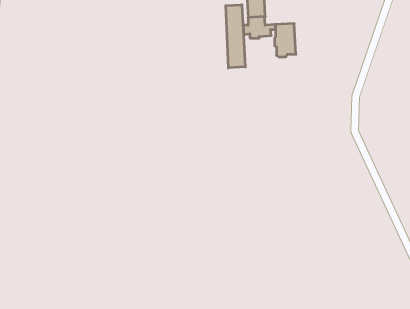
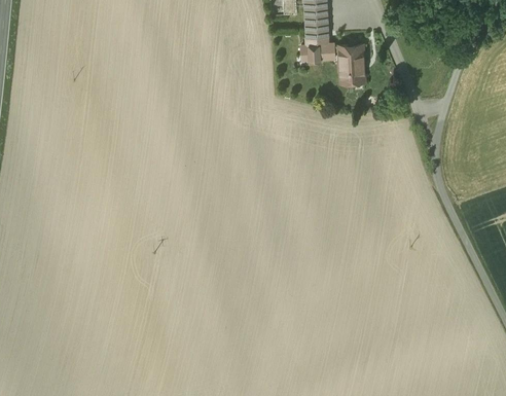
building: [226,5,245,68] -> none

